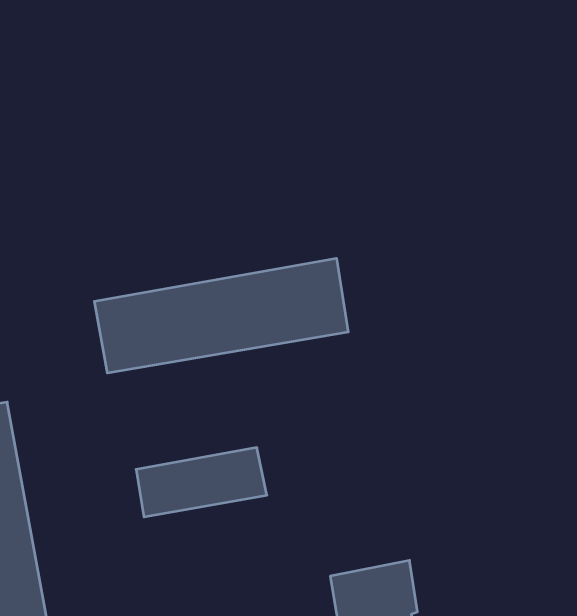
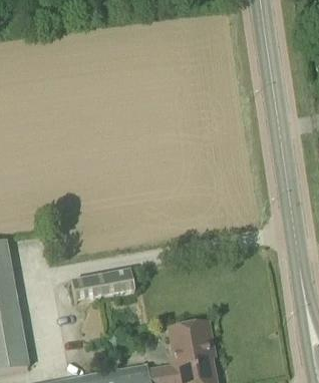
building: [94,258,348,373] -> none

